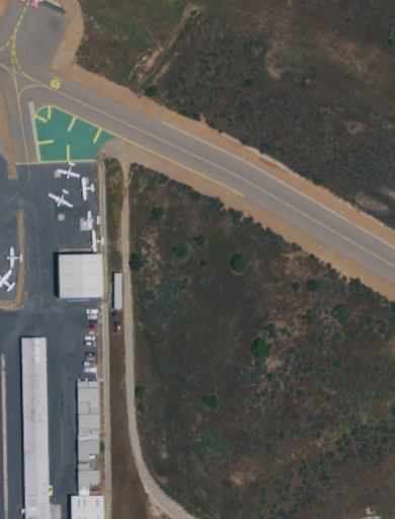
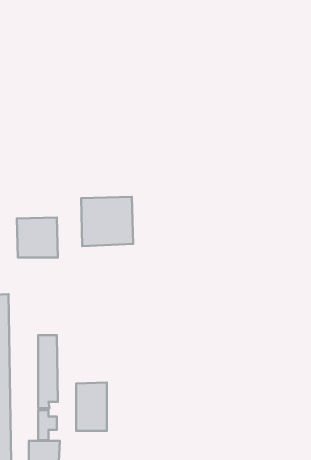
building: none -> [81,197,133,246]
building: none -> [76,382,107,431]

